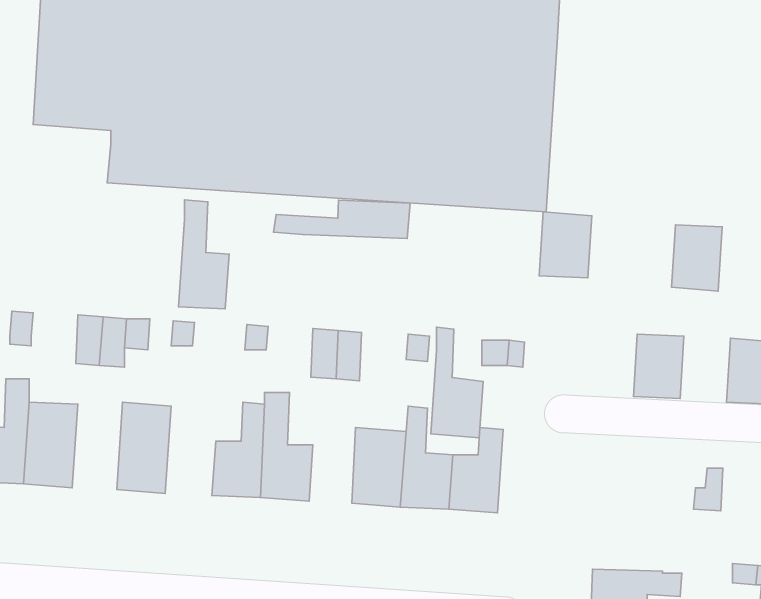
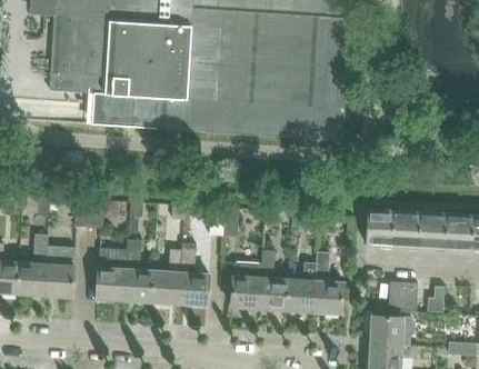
building: [179,200,229,309] -> [124,240,153,302]
building: [273,200,410,239] -> none
building: [539,212,592,278] -> [365,208,395,246]
building: [672,225,722,291] -> [419,211,448,249]
building: [431,327,483,438] -> [315,251,345,315]
building: none -> [388,282,417,310]
building: none -> [369,316,415,346]

